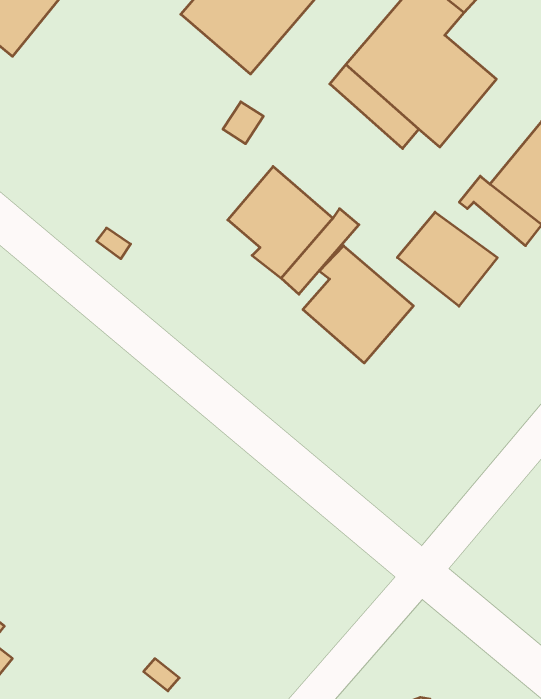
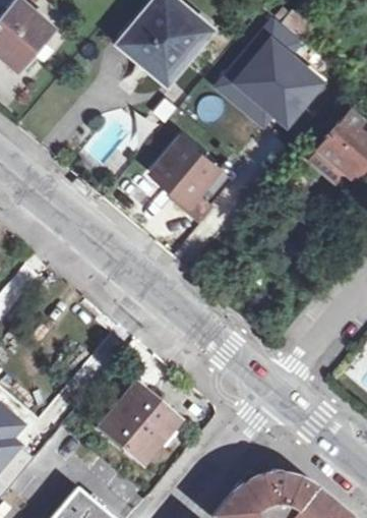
building: [397,212,497,306] -> none
building: [303,246,413,363] -> none
building: none -> [100,386,178,462]

